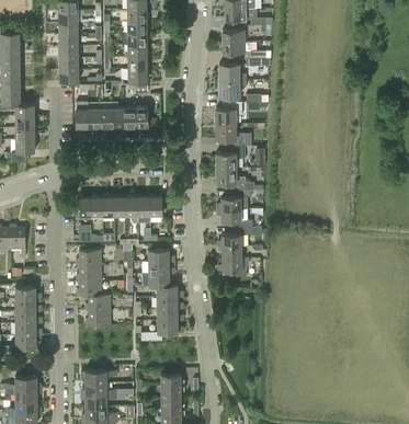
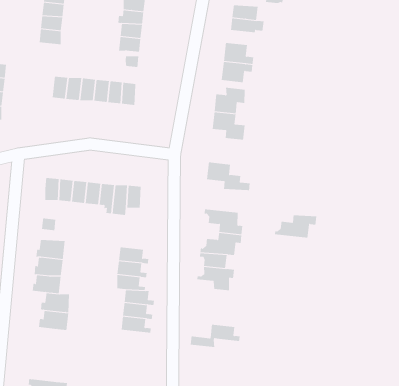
building: [216,146,245,168] -> none
building: [217,188,252,208] -> [274,215,317,238]
building: [140,320,183,340] -> [190,324,241,348]

